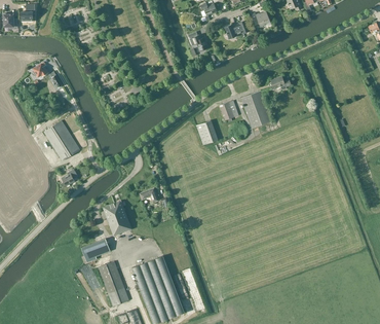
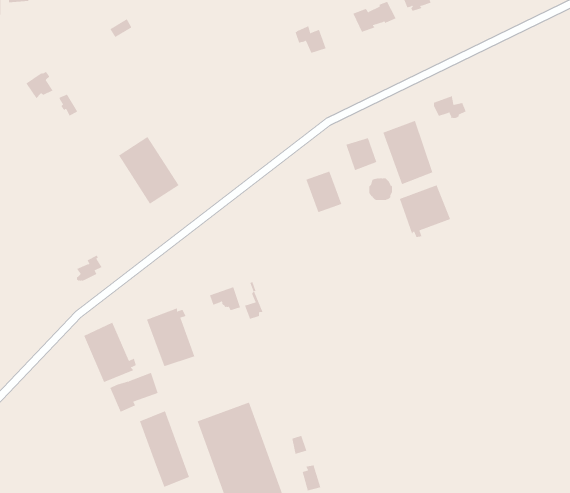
building: [43,119,79,159] -> [118,136,179,205]
building: none -> [399,185,451,238]
building: none -> [84,322,136,383]

